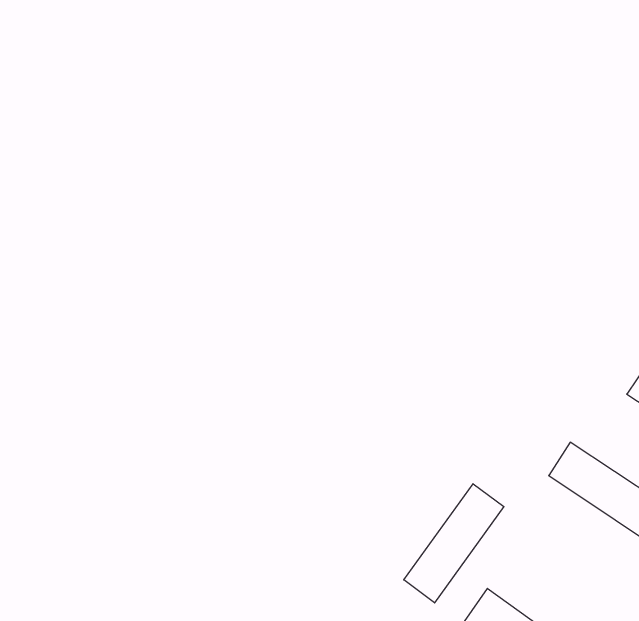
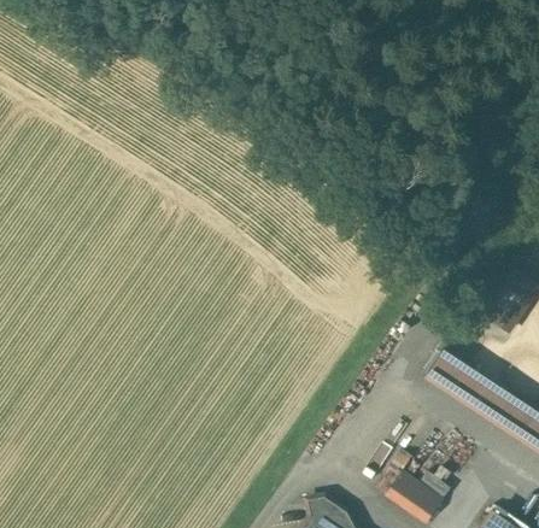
building: [404,484,504,603] -> none

